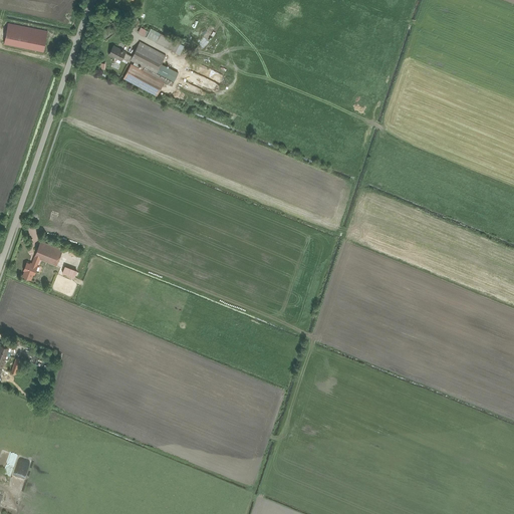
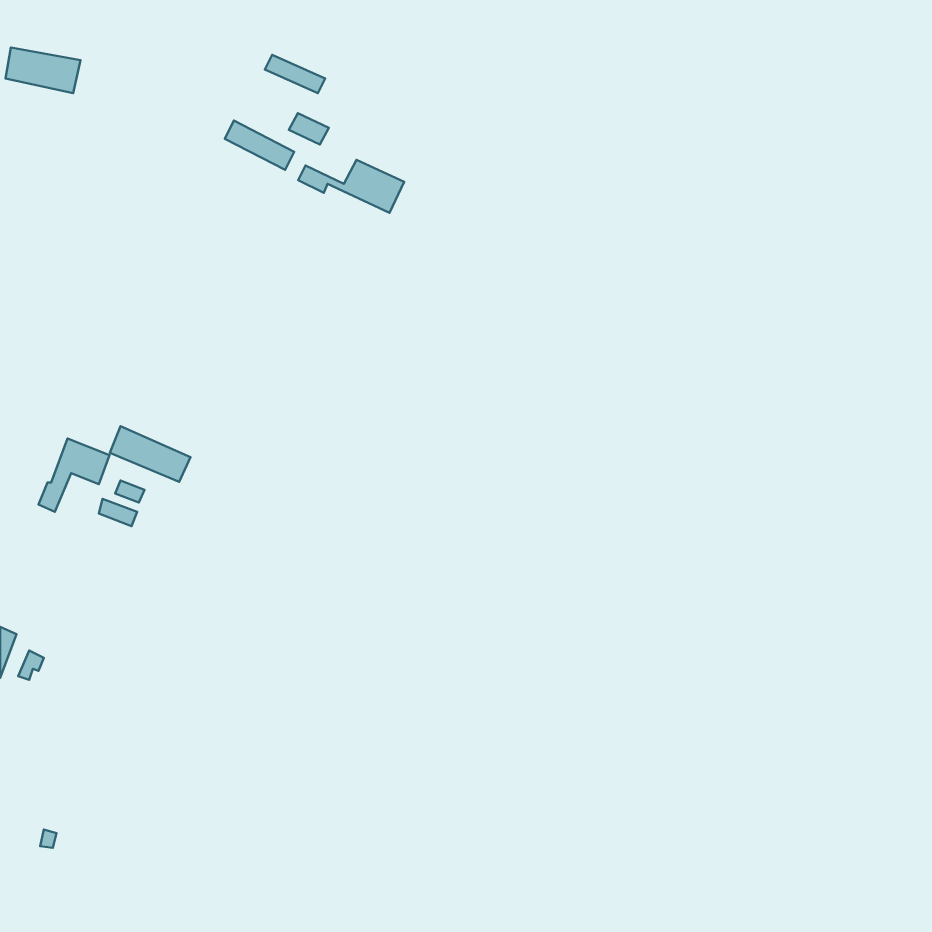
building: [106,43,165,72] -> [298,160,404,213]
building: none -> [110,426,191,482]

